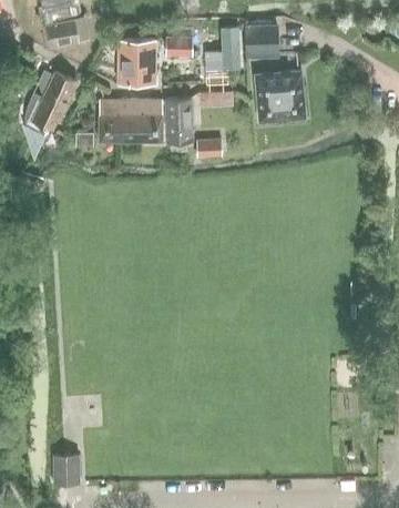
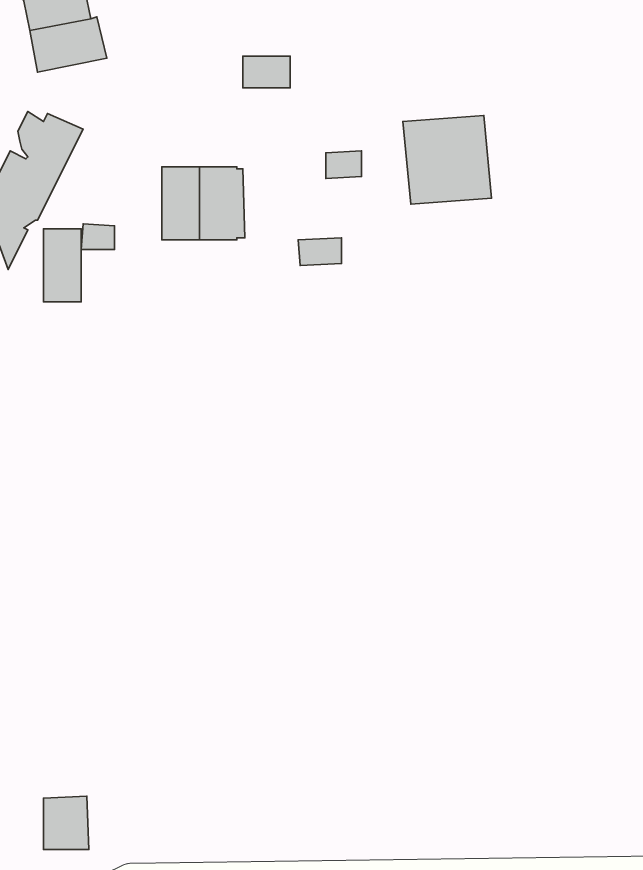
building: [246,28,278,57] -> none
building: [204,29,238,71] -> none
building: [117,41,155,85] -> none
building: [165,99,192,142] -> none
building: [99,101,120,142] -> [44,229,81,302]

